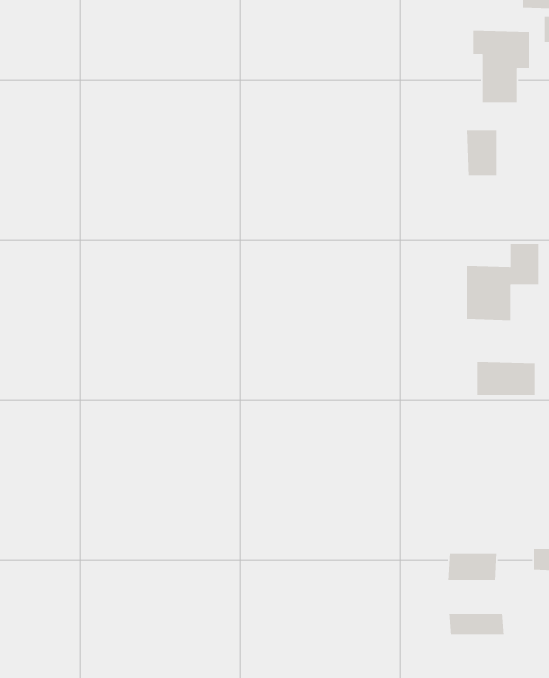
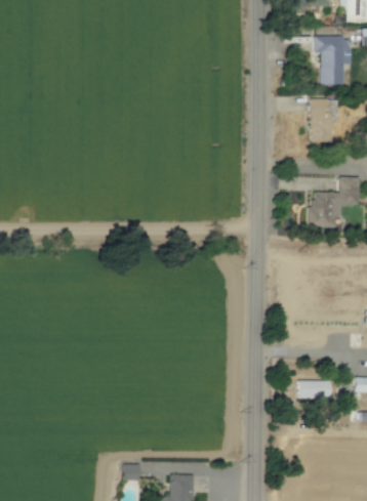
building: [476,361,535,396] -> none
building: [449,613,505,635] -> none

